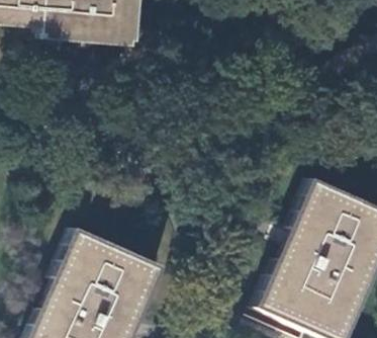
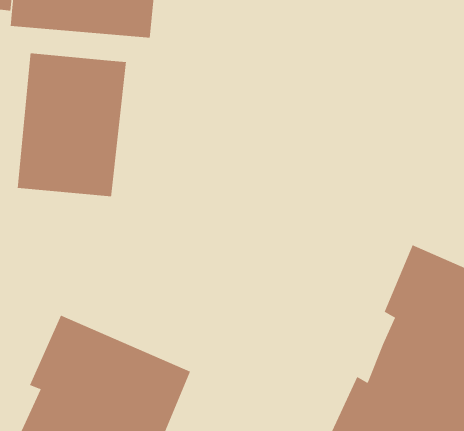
building: none -> [17,52,127,197]

